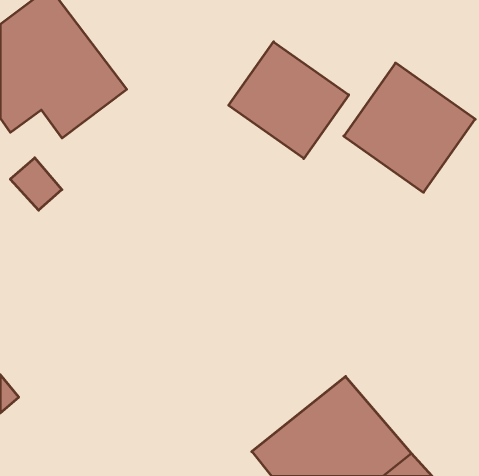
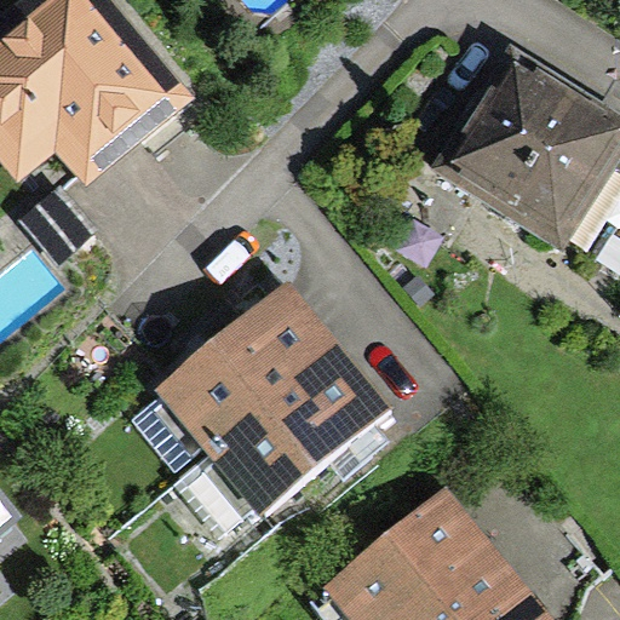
building: [229,42,349,159] -> none
building: none -> [154,283,386,513]

